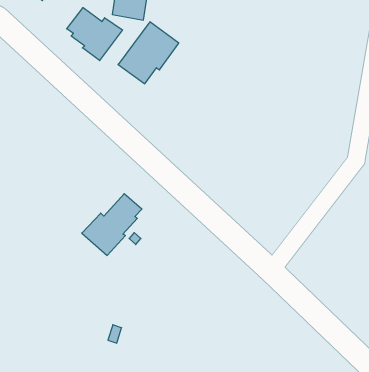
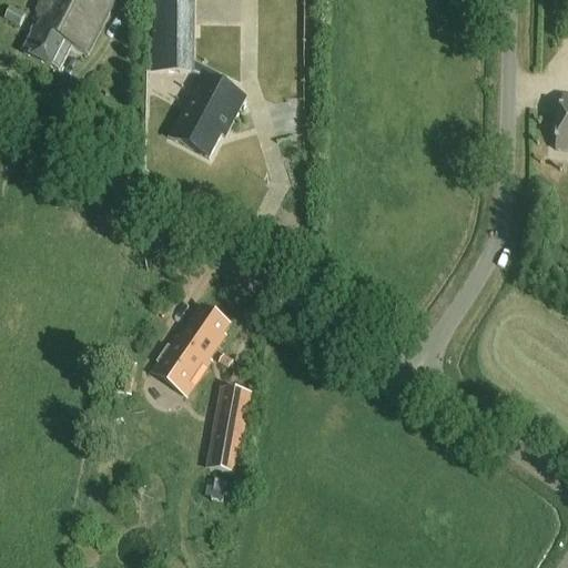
building: [67,8,123,61] -> none
building: none -> [212,387,251,473]

